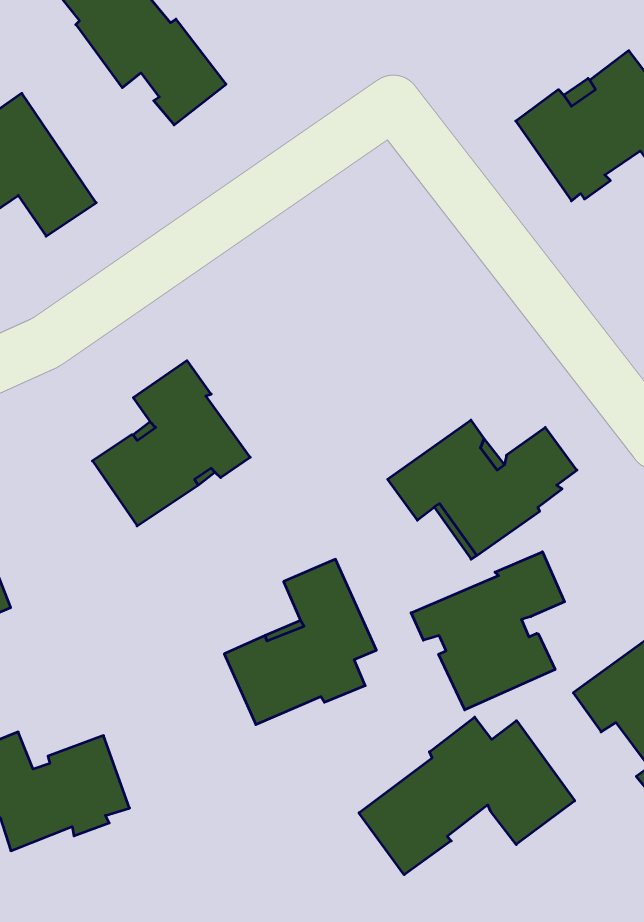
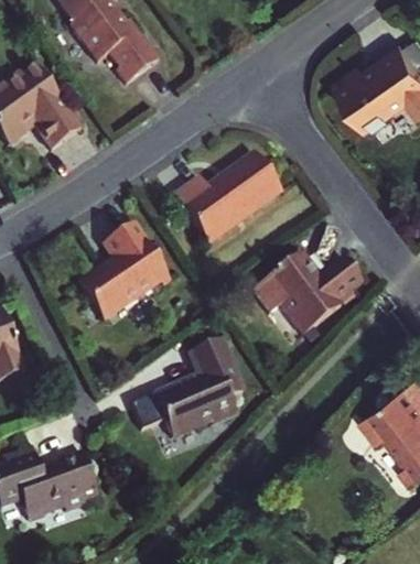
building: none -> [173,153,279,242]
building: [411,552,565,710] -> none
building: [359,717,575,875] -> none

